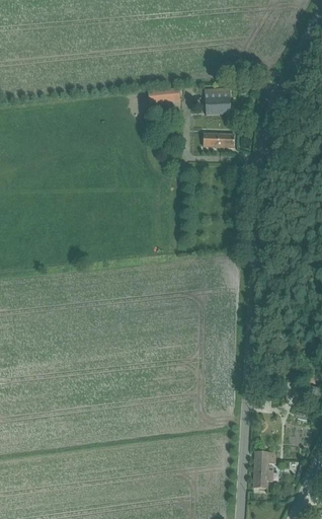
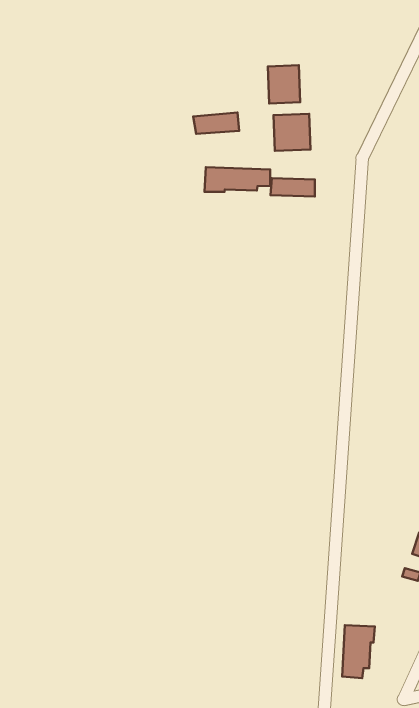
building: none -> [268,65,300,103]
building: none -> [205,167,270,192]

